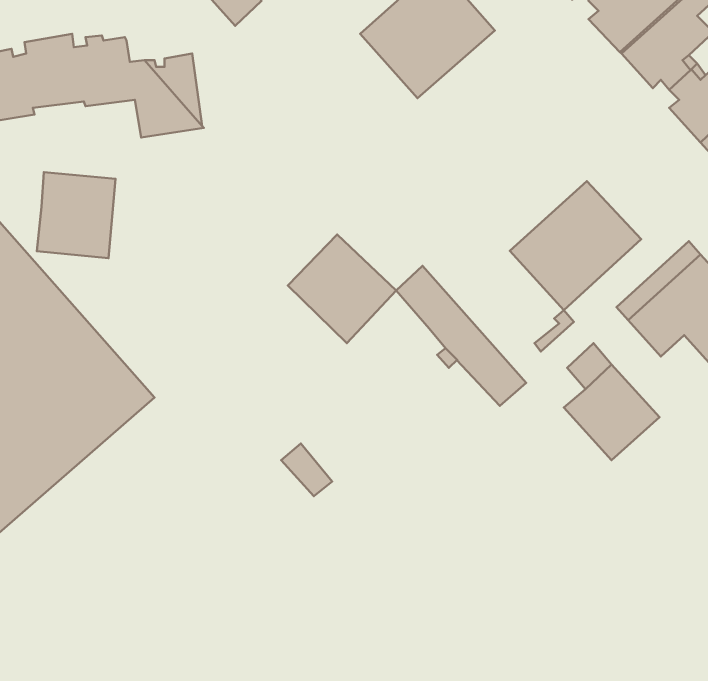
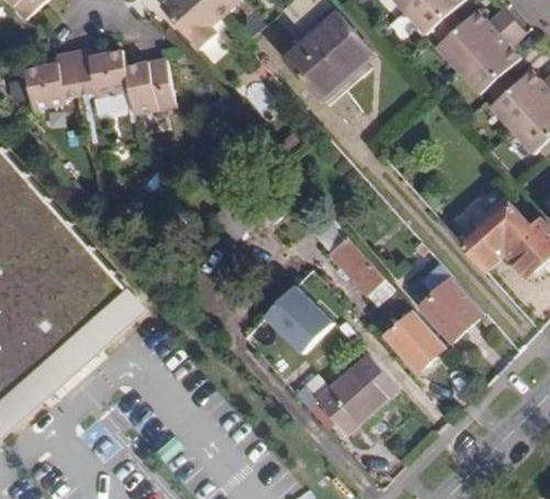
building: [37,172,115,258] -> none
building: [510,181,641,310] -> none
building: [288,235,396,343] -> [258,280,330,352]
building: none -> [383,308,444,368]
building: none -> [299,365,390,443]

